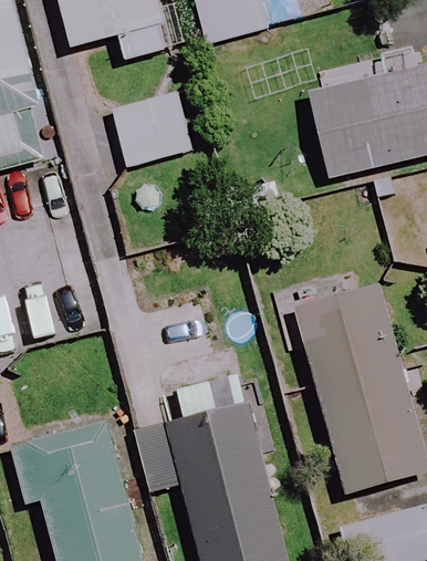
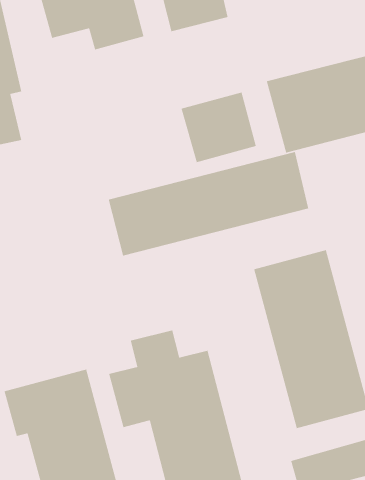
building: [108,89,195,169] -> [180,92,257,163]
building: none -> [108,151,309,257]

